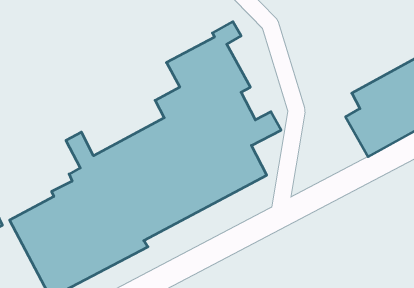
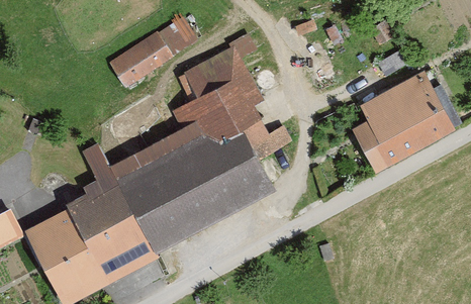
building: none -> [104,19,188,88]

